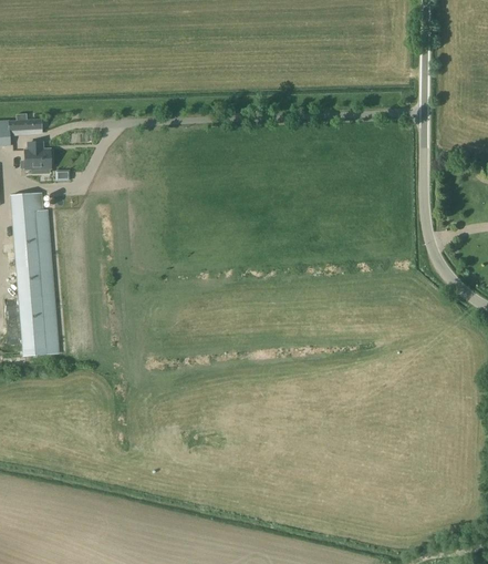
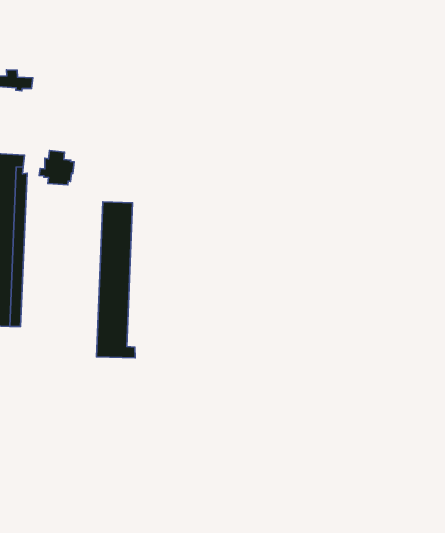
building: [22,143,53,174] -> [39,150,74,185]
building: none -> [97,202,135,358]

